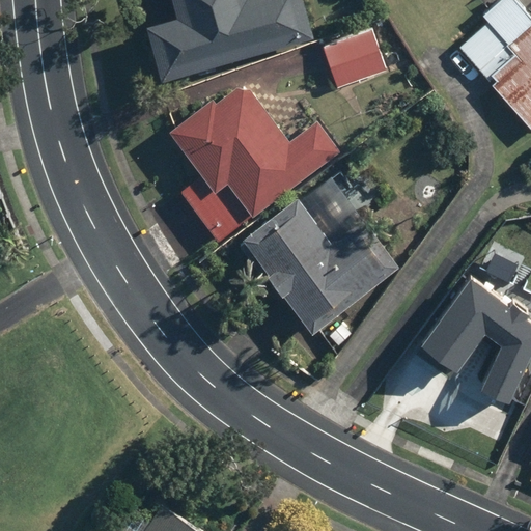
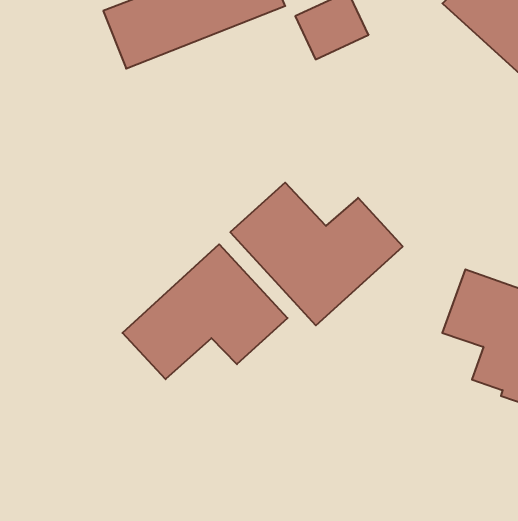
building: [170,88,340,243] -> none
building: none -> [122,244,288,379]

